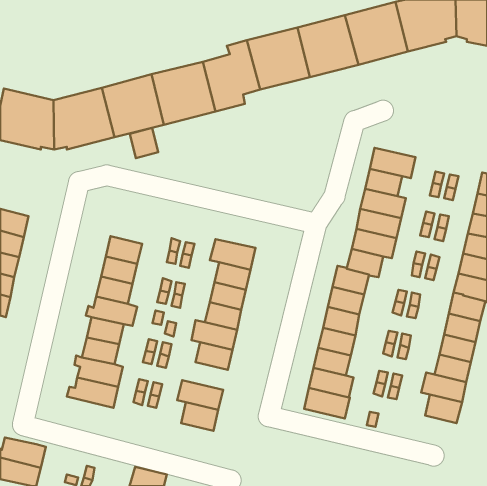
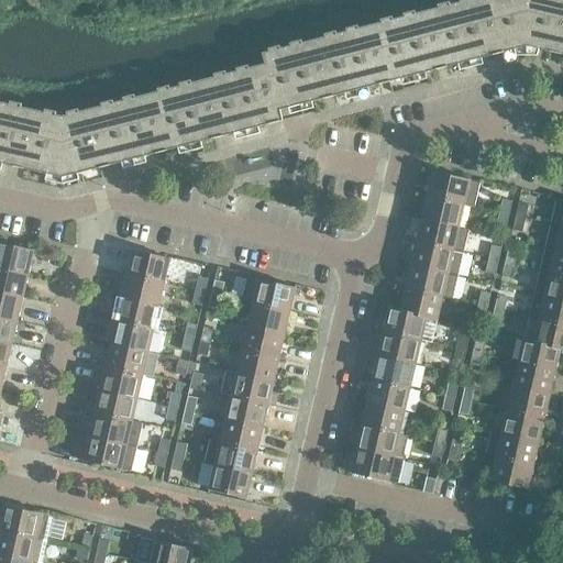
building: [130,128,158,158] -> none
building: none -> [128,249,169,282]
building: none -> [220,418,263,450]

